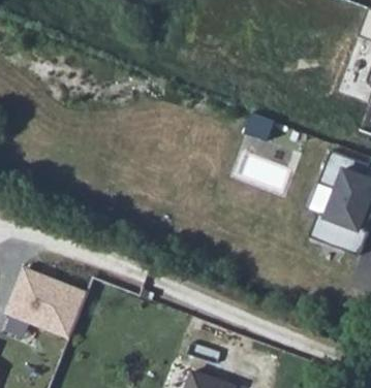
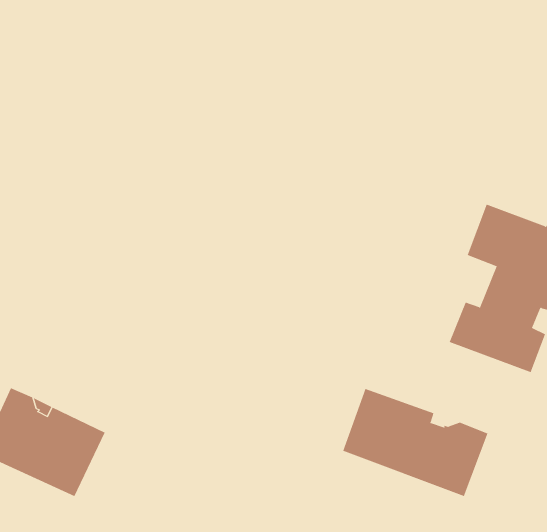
building: none -> [343,388,488,497]

